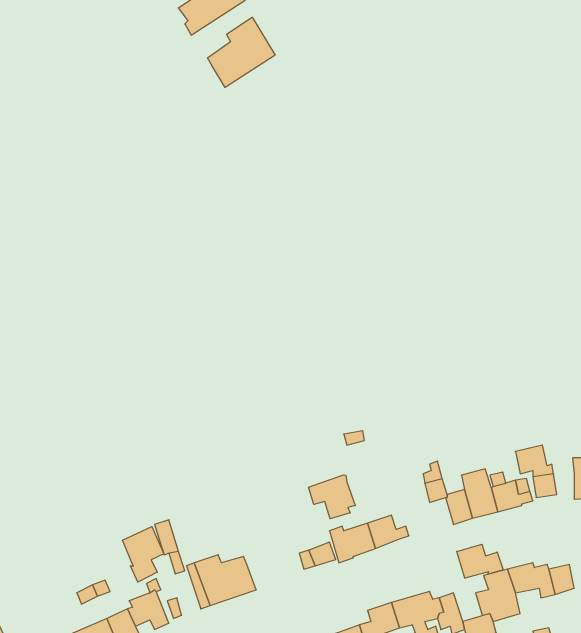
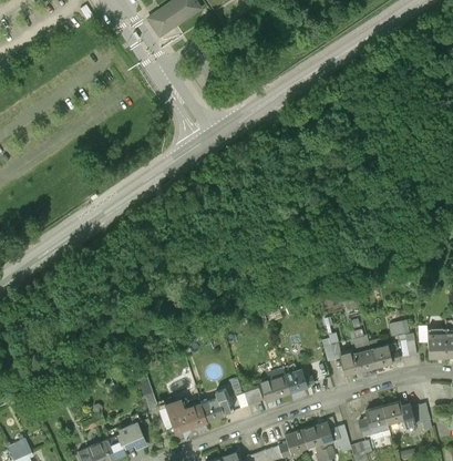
building: [208,17,275,87] -> none
building: [308,475,355,519] -> none
building: [123,527,164,582] -> none
building: none -> [200,389,231,421]
building: [457,544,503,578] -> none

